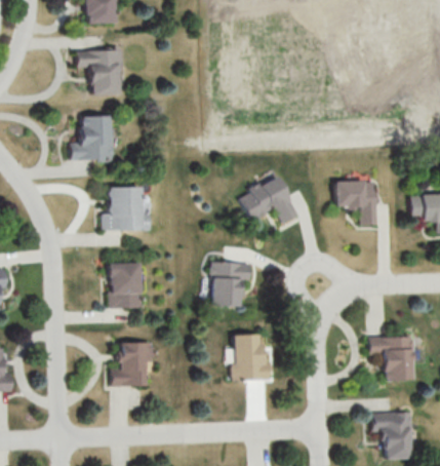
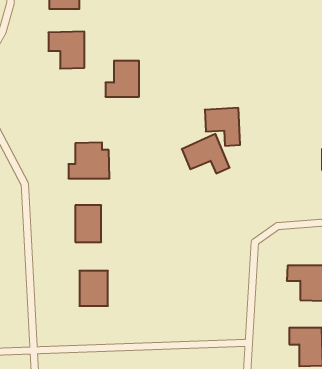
building: [71,116,112,160] -> [105,61,139,97]
building: [334,179,377,225] -> [205,108,240,146]
building: [211,263,246,305] -> none
building: [233,335,268,381] -> none

